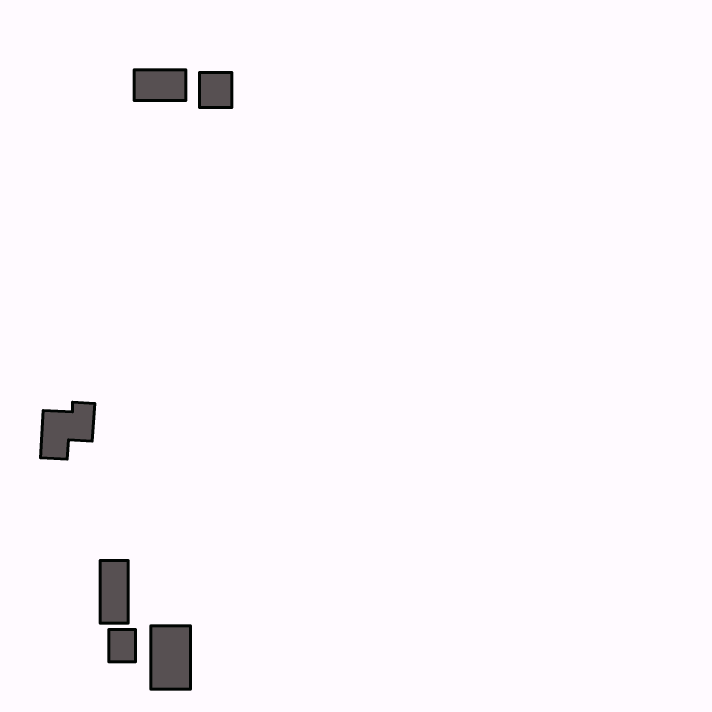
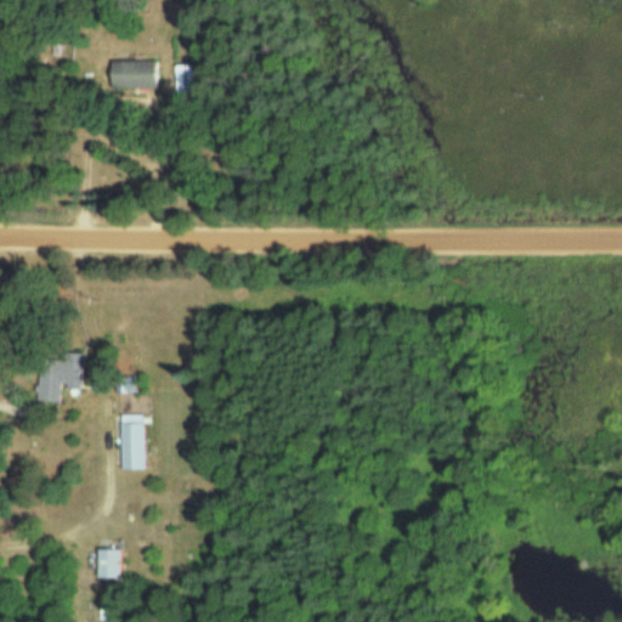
building: [100,560,128,623] -> [120,415,145,470]
building: [151,626,191,689] -> none

